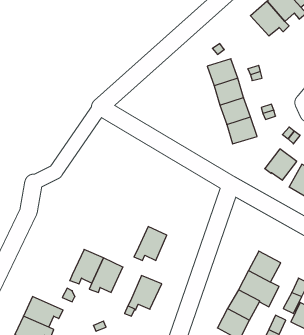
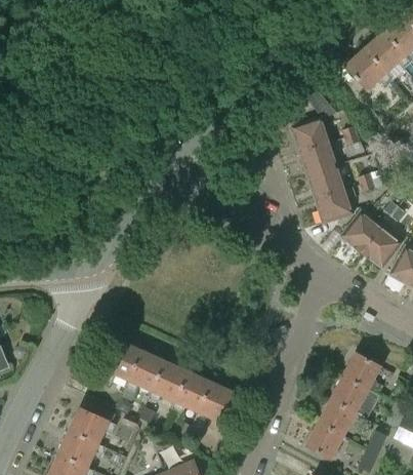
building: none -> [343,212,380,251]
building: [134,227,167,260] -> [172,371,212,412]
building: none -> [102,340,142,382]

